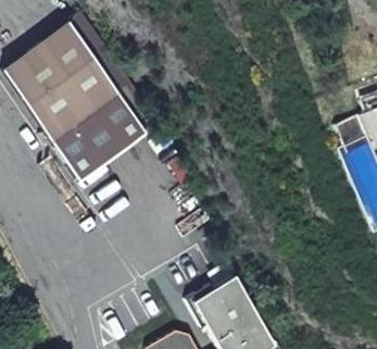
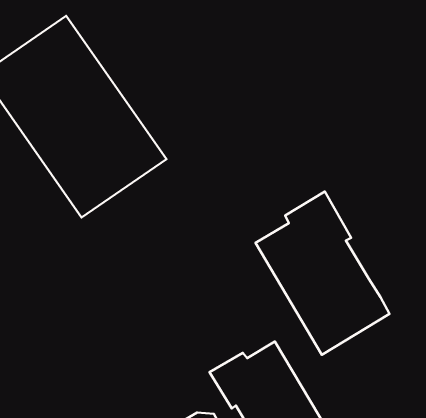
building: none -> [255,191,389,355]

